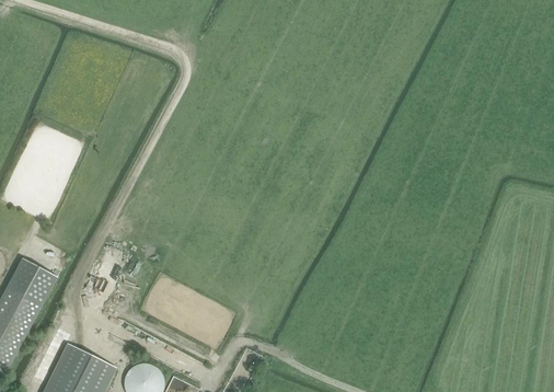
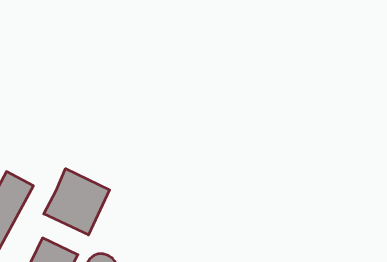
building: none -> [44,169,110,235]

